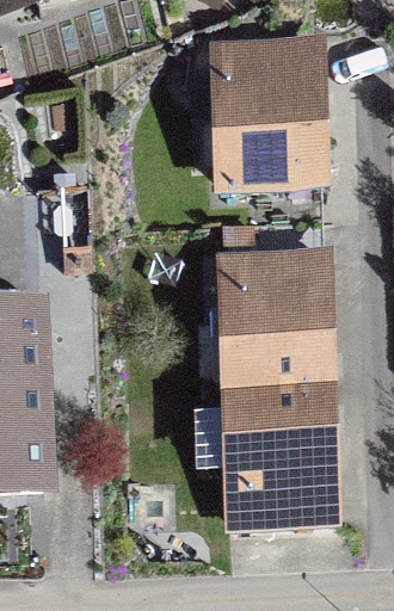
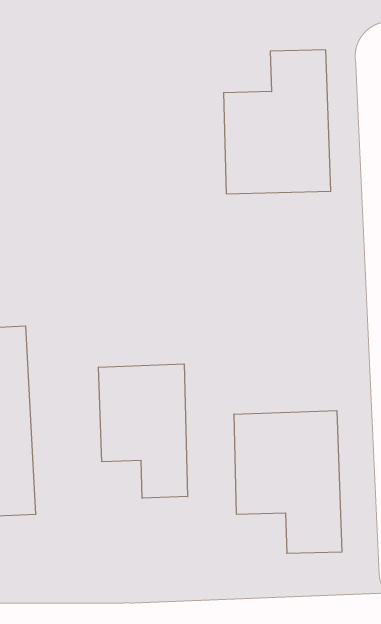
building: [227,258,328,394] -> none
building: none -> [99,364,188,498]

